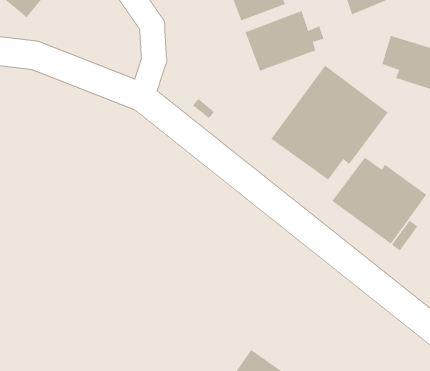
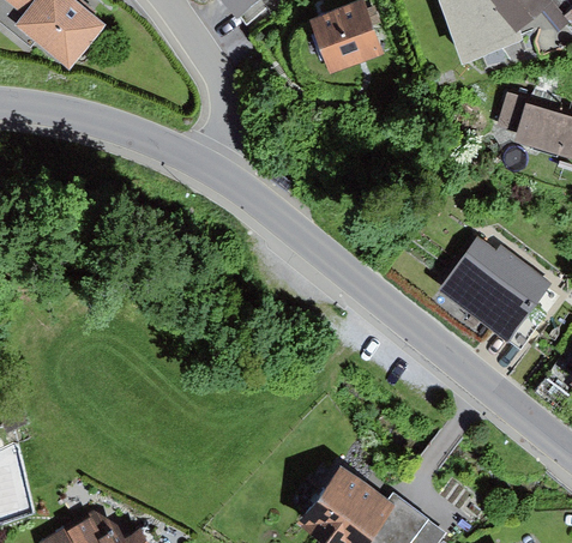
building: [245,10,324,72] -> none
building: [271,65,389,180] -> none

